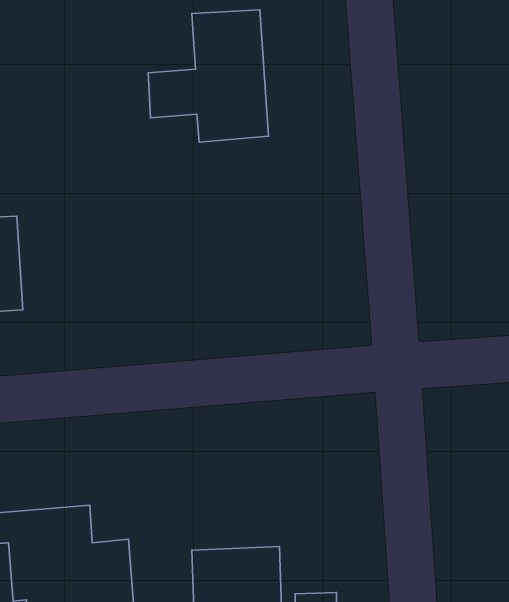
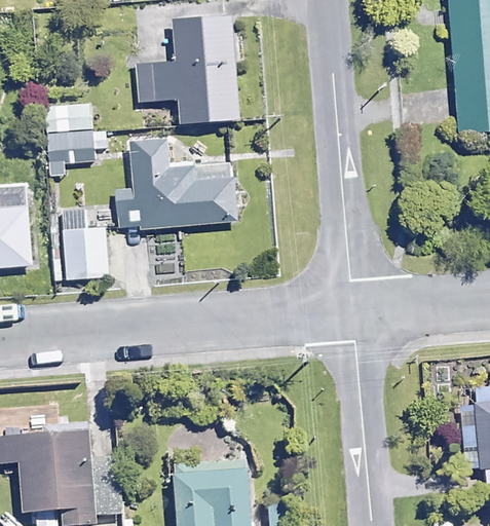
building: none -> [47,104,106,179]
building: none -> [130,139,236,229]
building: none -> [61,212,108,279]

